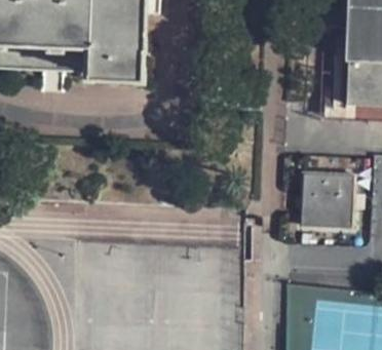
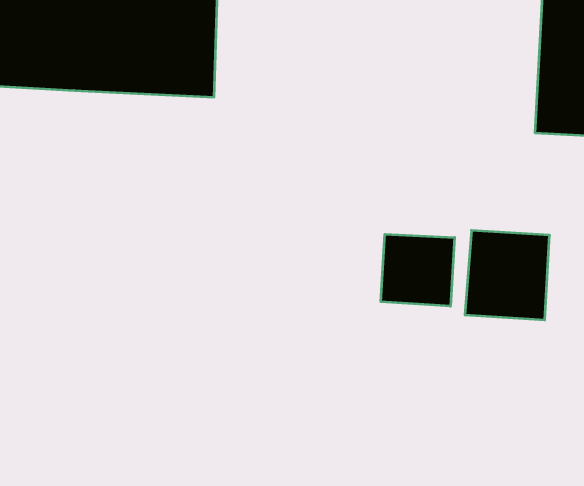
building: none -> [381,234,455,306]

